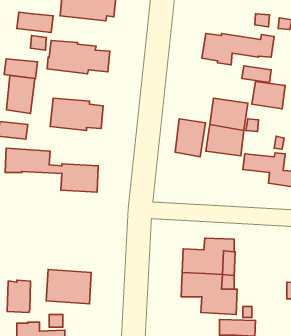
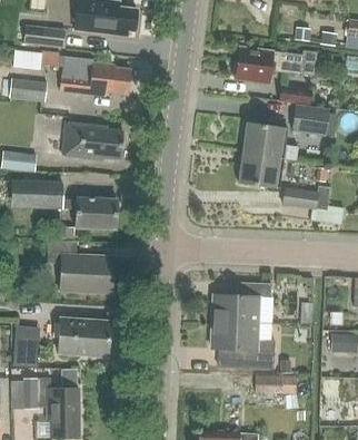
building: [6,76,35,114] -> none
building: [175,119,206,157] -> none
building: none -> [47,241,115,295]

